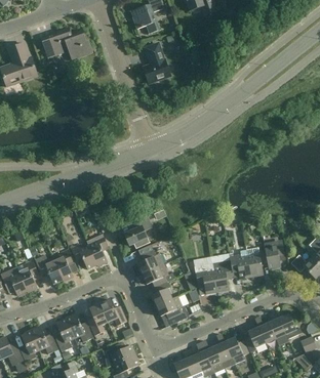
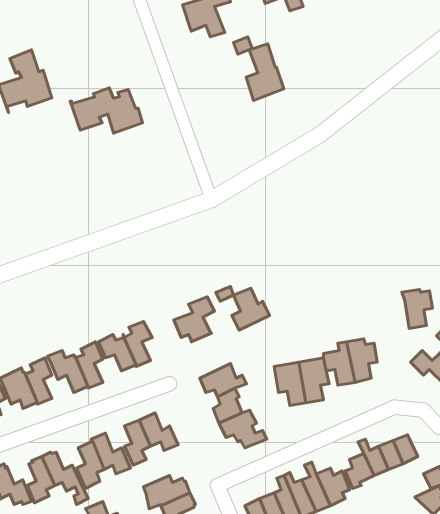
building: [41,27,92,58] -> [70,88,143,133]
building: [144,43,170,83] -> [246,44,284,101]
building: [264,241,285,268] -> [402,289,432,329]
building: [137,244,164,274] -> [232,288,270,330]

